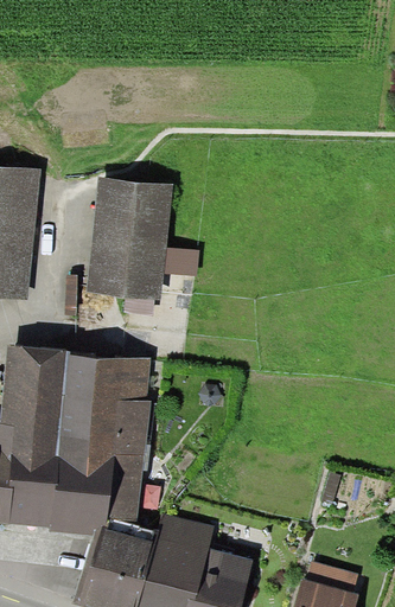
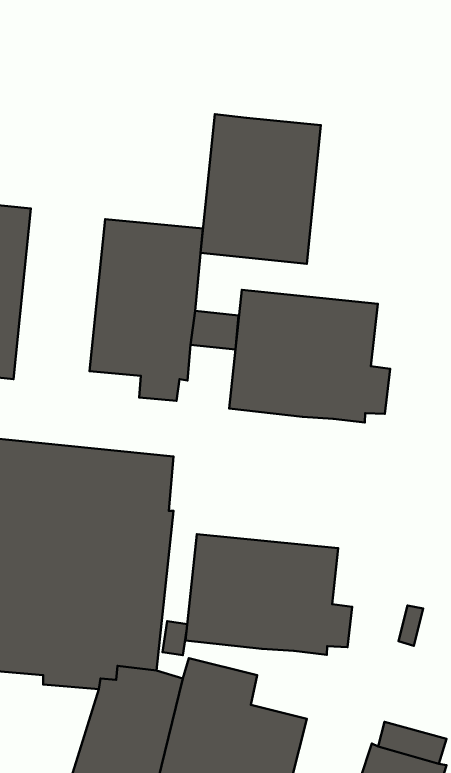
building: none -> [201,114,321,264]
building: none -> [229,290,390,423]
building: none -> [186,534,352,655]

